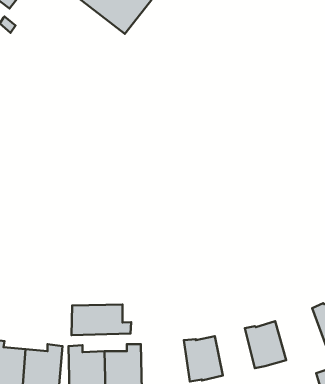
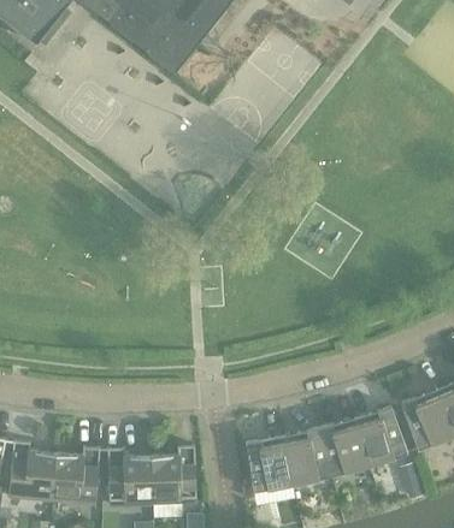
building: [72,304,131,335] -> none
building: none -> [355,408,407,467]
building: none -> [283,428,331,485]

